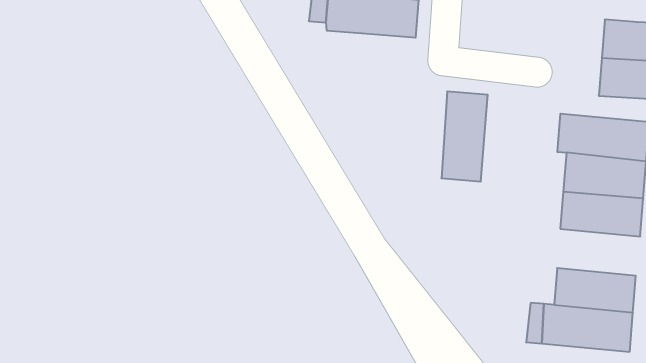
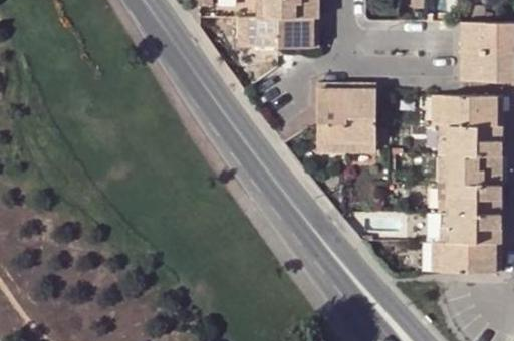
building: none -> [317,84,346,151]
building: none -> [440,183,501,214]

